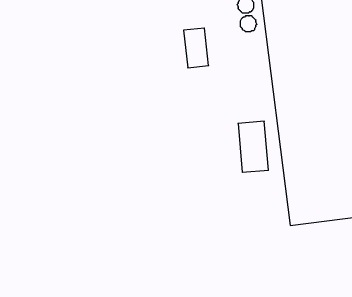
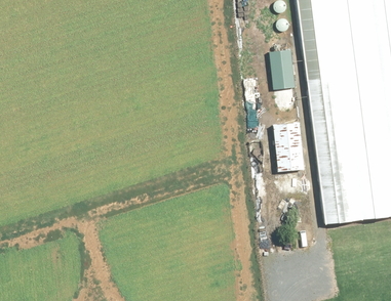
building: [184,28,209,68] -> [271,50,296,89]

